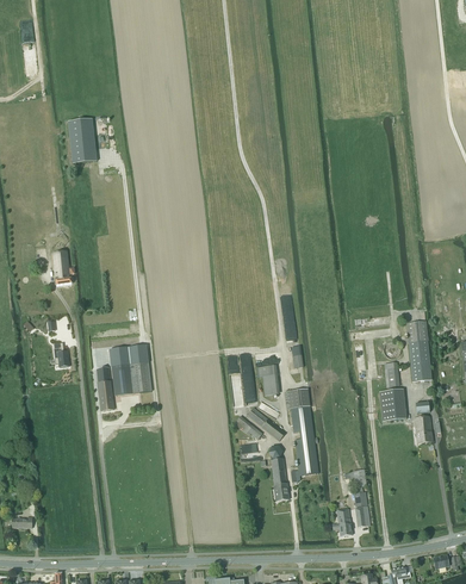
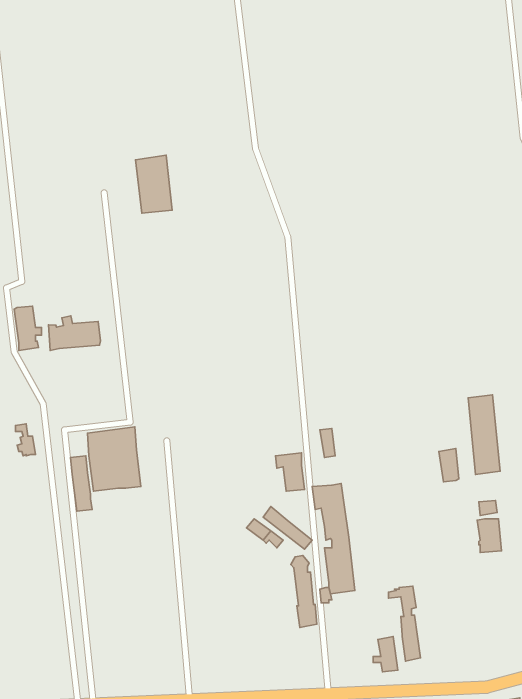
building: [68,118,97,163] -> [136,155,172,213]
building: none -> [48,316,100,351]
building: [379,389,406,421] -> none

